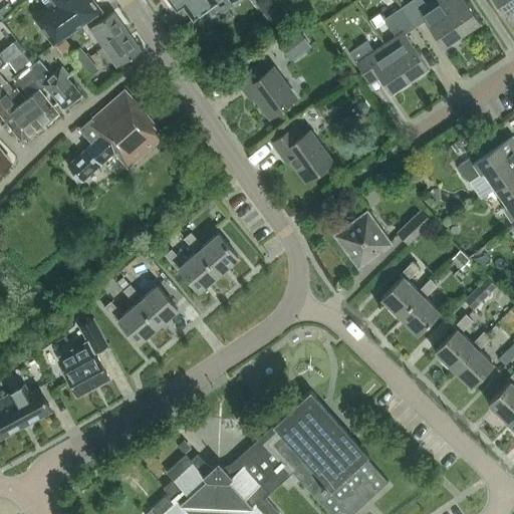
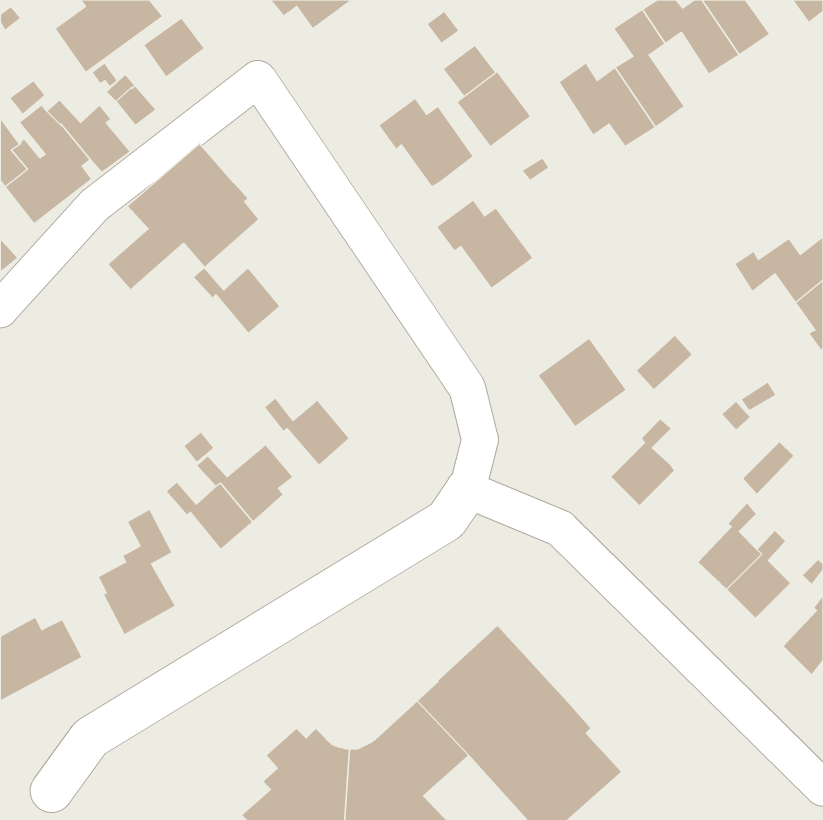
building: [103,32,142,69] -> none
building: none -> [457,72,531,147]
building: [184,234,238,275] -> [193,267,280,333]
building: [399,280,439,335] -> none

